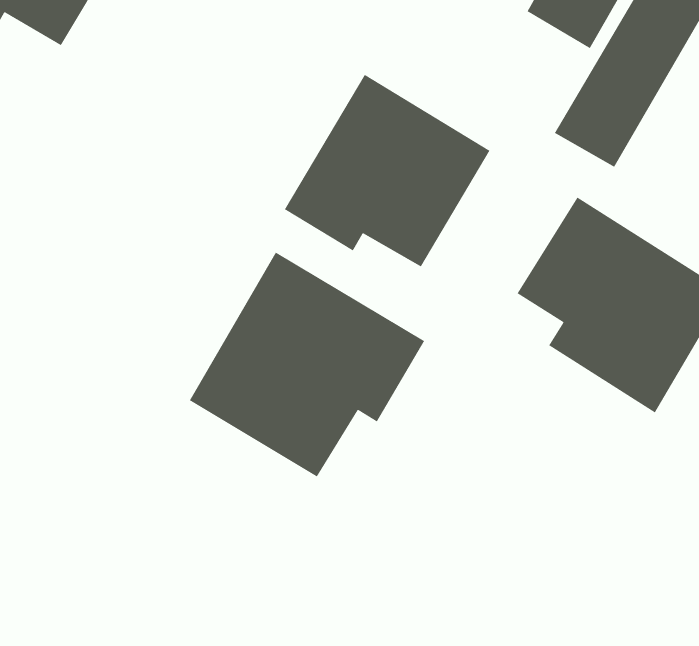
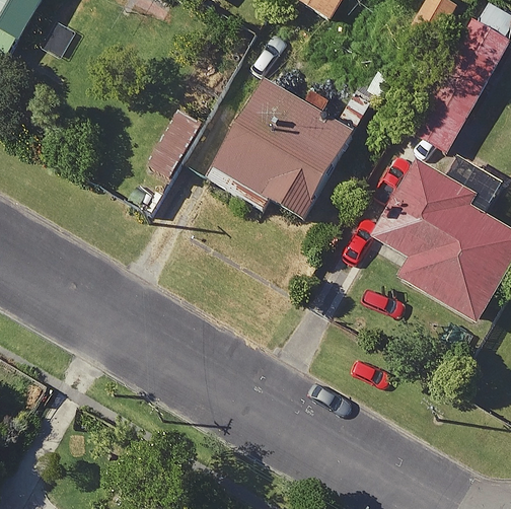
building: [189,252,425,477] -> none

